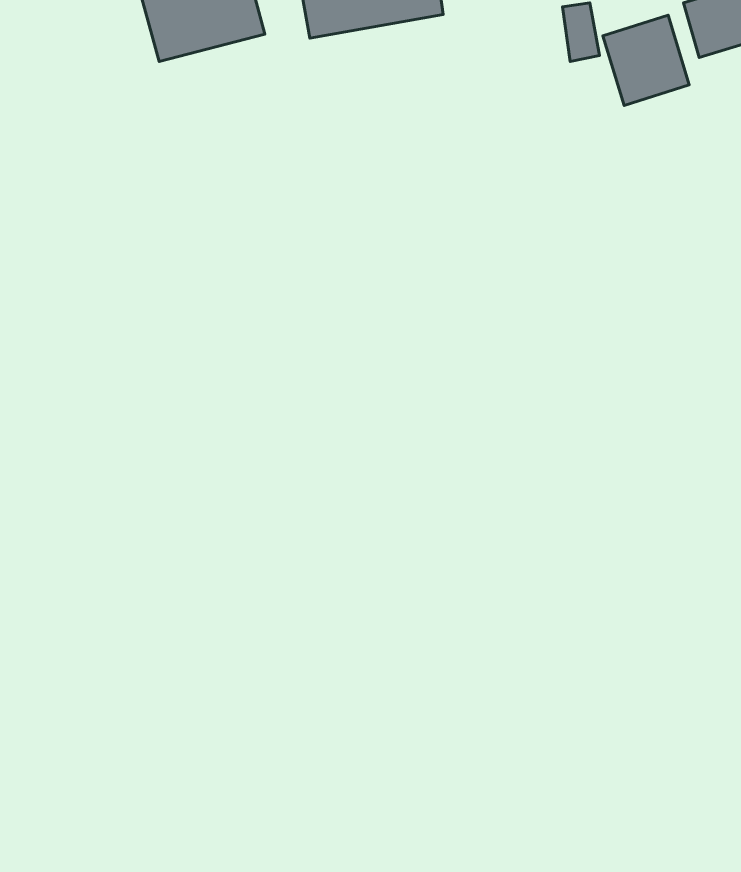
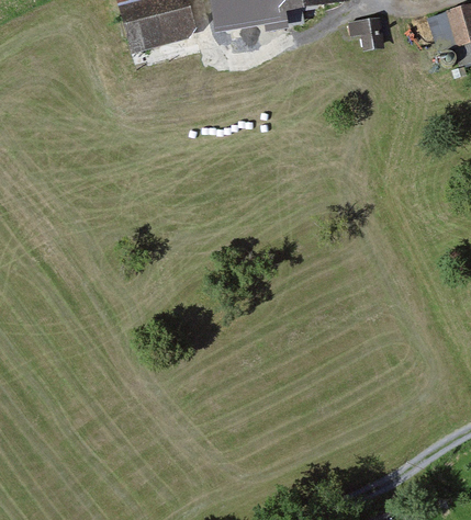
building: [603,15,689,106] -> none

